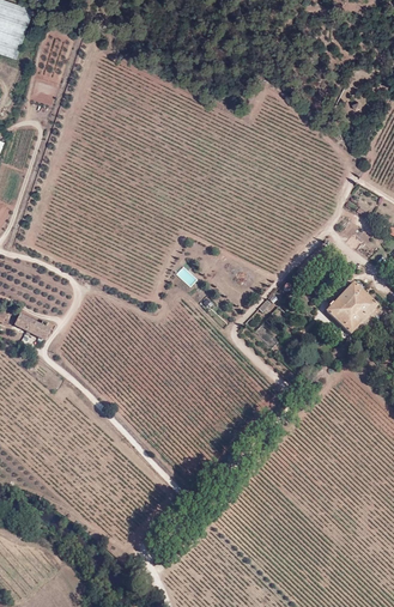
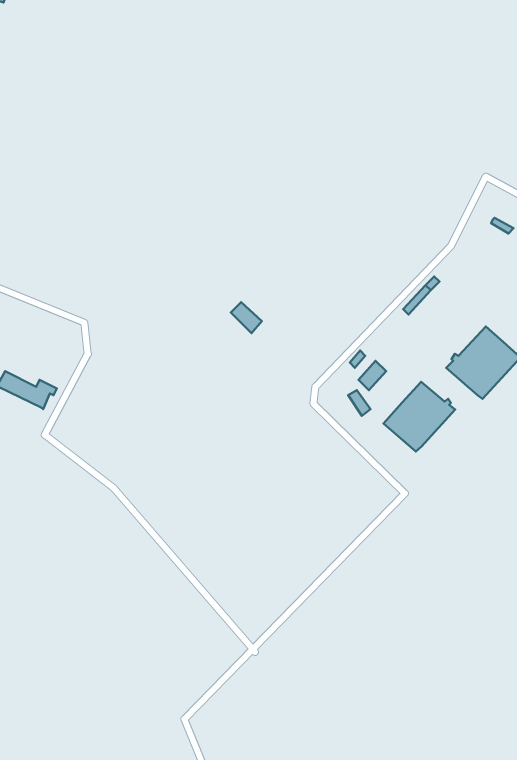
building: none -> [384,382,455,452]

